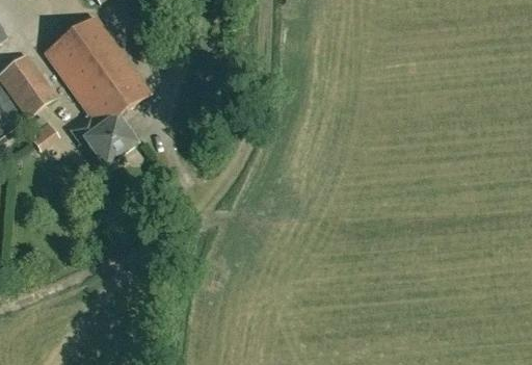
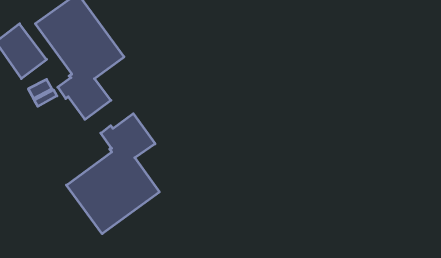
building: none -> [66,114,159,234]

